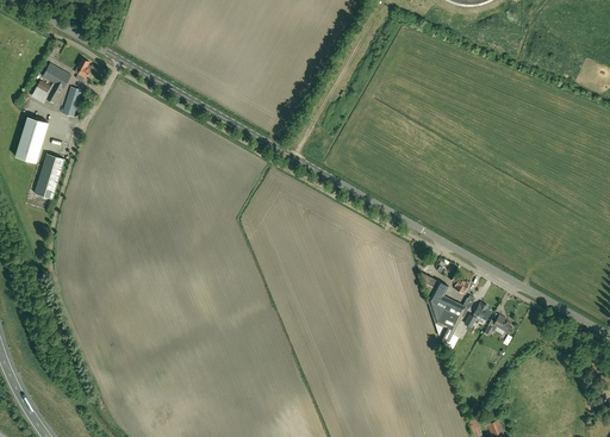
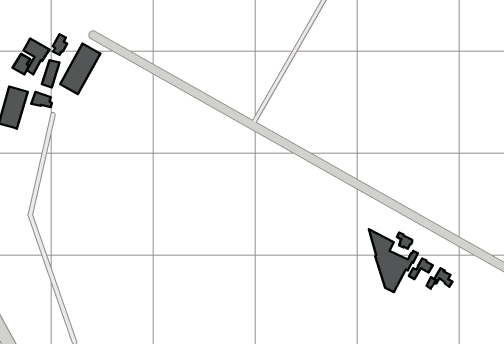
building: none -> [60,43,100,94]
building: [35,154,66,199] -> none

